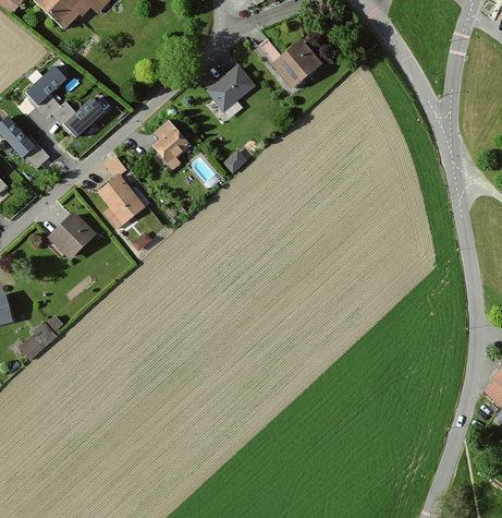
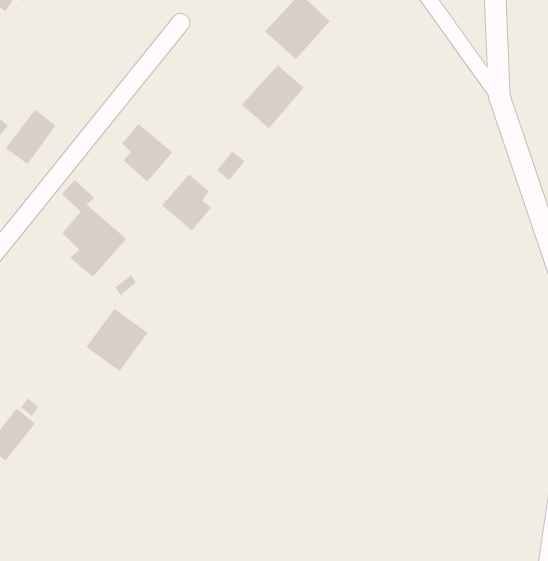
building: [205,64,255,112] -> [241,64,304,129]
building: none -> [161,173,212,232]
building: [48,212,97,261] -> [86,308,148,372]

